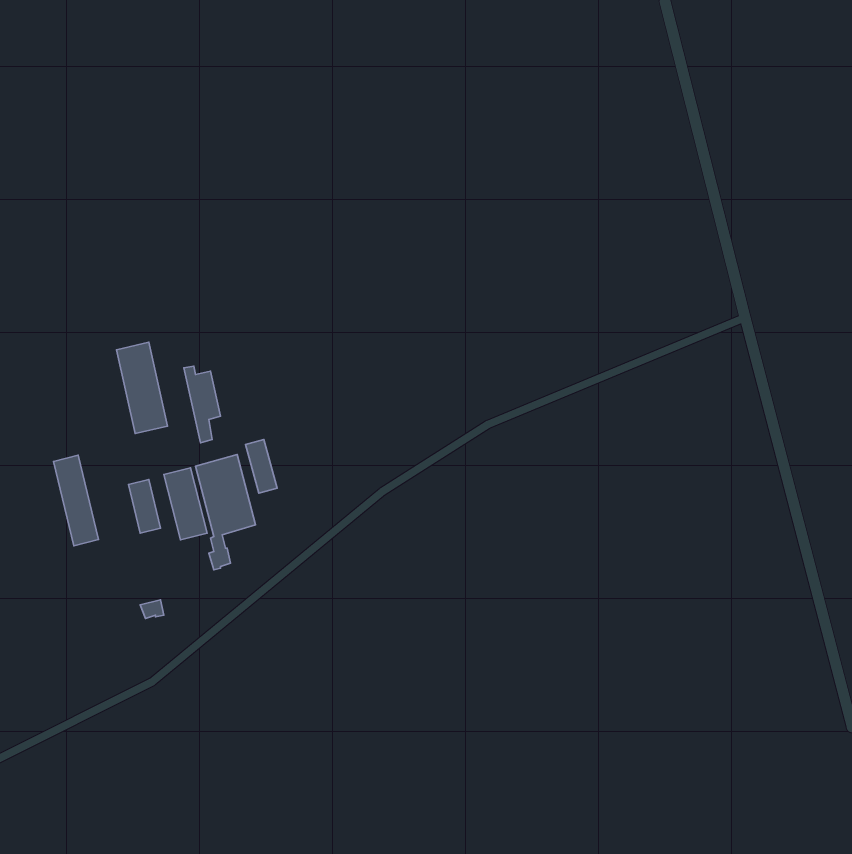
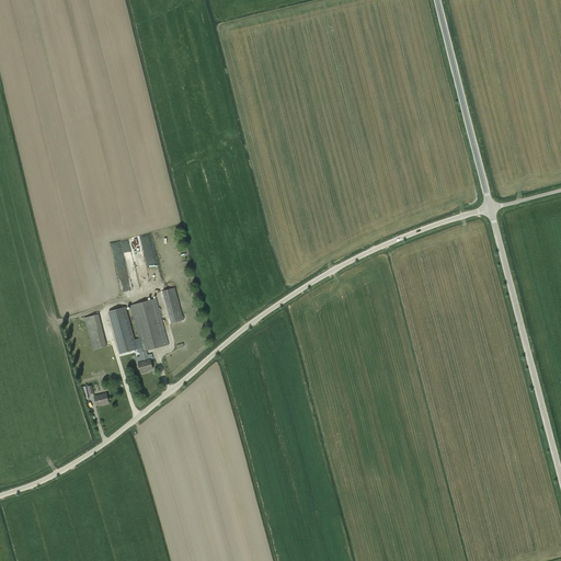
building: [116,342,167,434] -> none
building: [54,455,99,546] -> none

